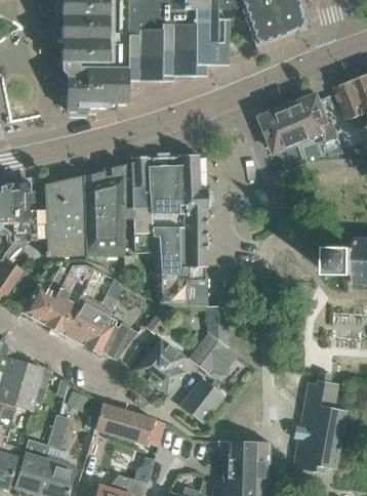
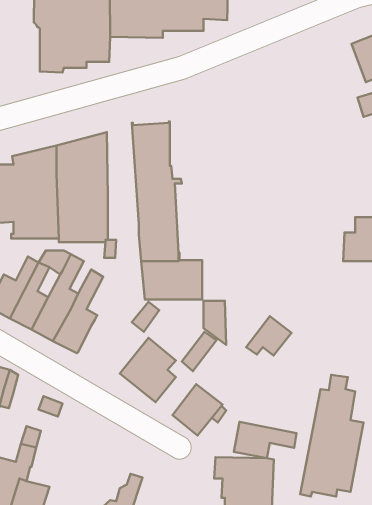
building: [261,94,343,163] -> none
building: [178,153,207,266] -> none
building: [124,155,152,252] -> none
building: [99,321,137,360] -> none
building: [198,341,237,375] -> [246,316,291,356]
building: [93,403,156,446] -> none
building: none -> [234,422,296,458]

